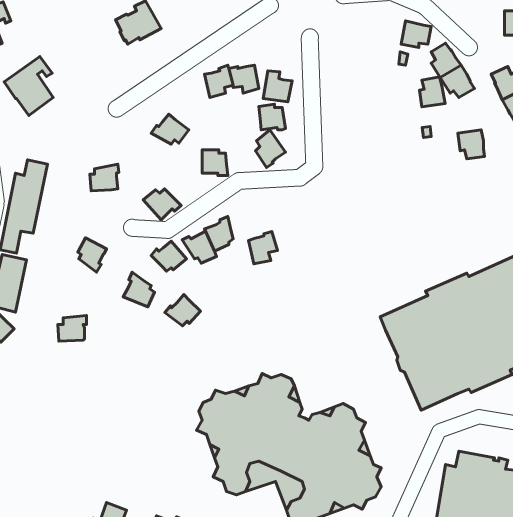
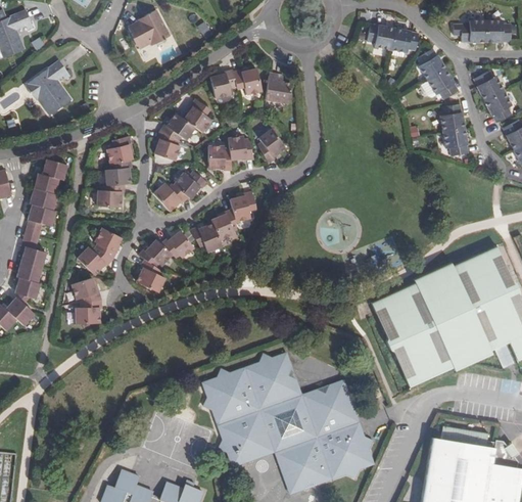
building: none -> [462,19,486,42]
building: none -> [368,25,395,50]
building: [420,77,445,107] -> [441,104,465,132]
building: none -> [184,100,211,133]
building: [259,104,286,130] -> [229,137,253,161]
building: none -> [155,132,181,161]
building: none -> [106,136,132,165]
building: none -> [174,171,207,199]
building: none -> [97,184,125,209]
building: [248,232,277,264] -> [230,192,256,222]
building: none -> [77,246,111,274]
building: none -> [72,278,102,302]
building: [165,295,200,326] -> [139,239,172,268]

